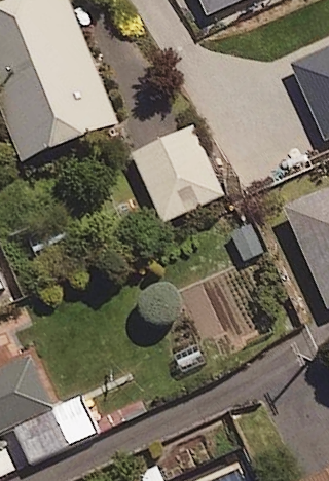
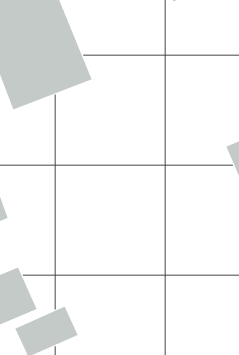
building: [137,130,228,226] -> none

